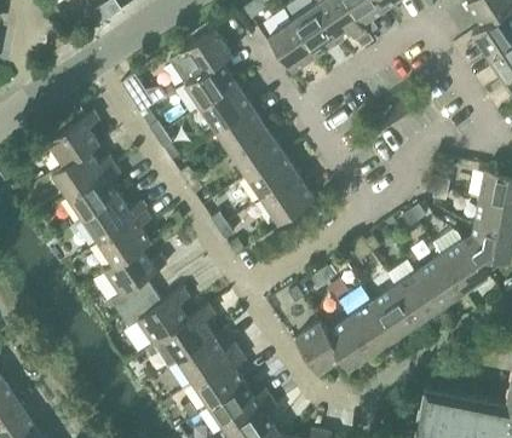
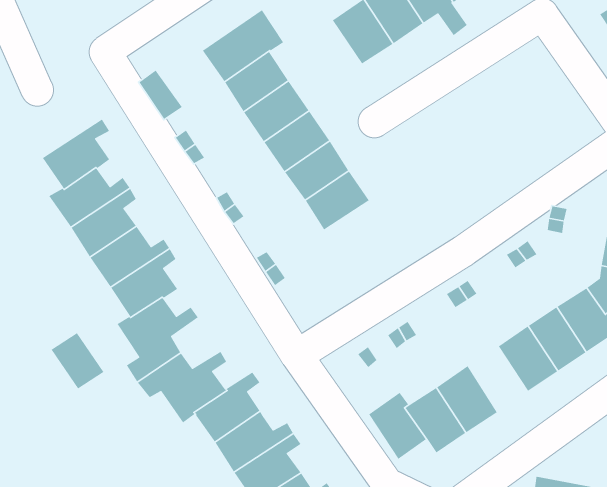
building: [261,175,312,223] -> none
building: none -> [50,332,105,390]
building: [372,287,418,338] -> none

